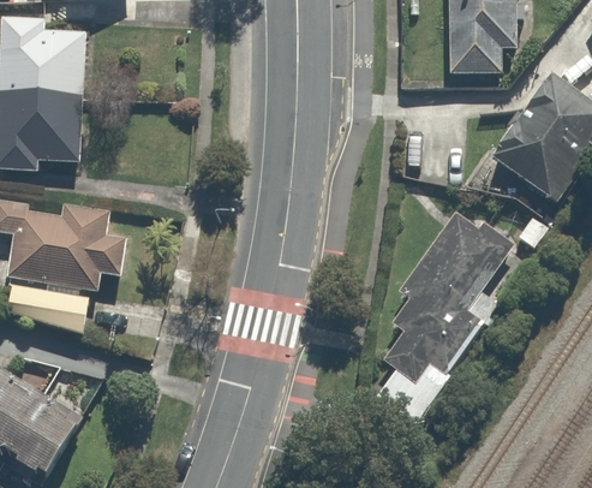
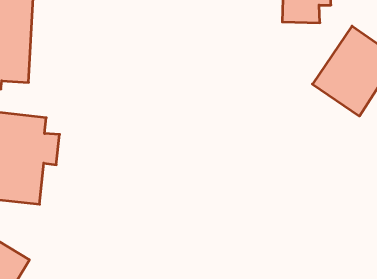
building: [372,215,514,427] -> none

